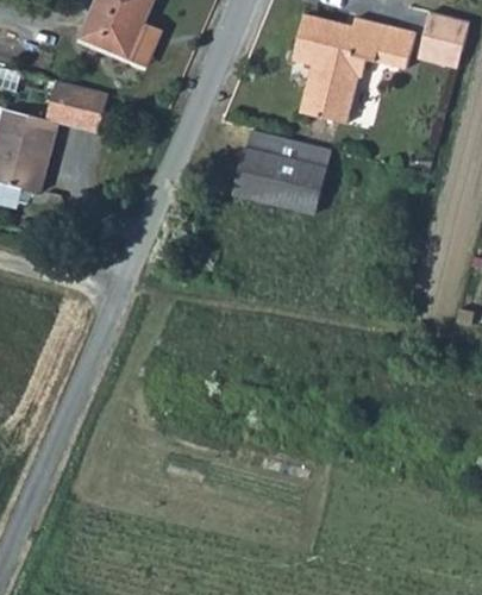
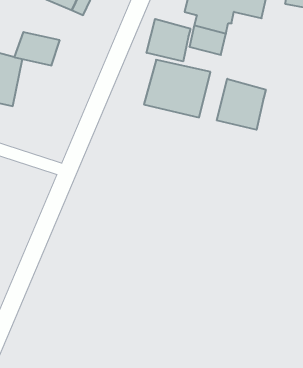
building: none -> [147,19,190,61]
building: none -> [217,79,266,130]

